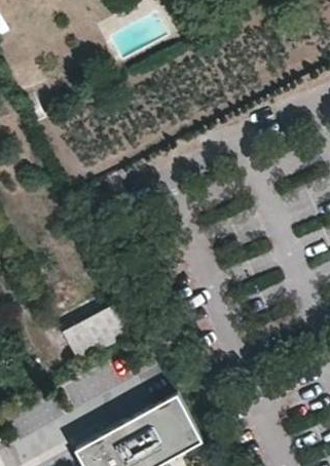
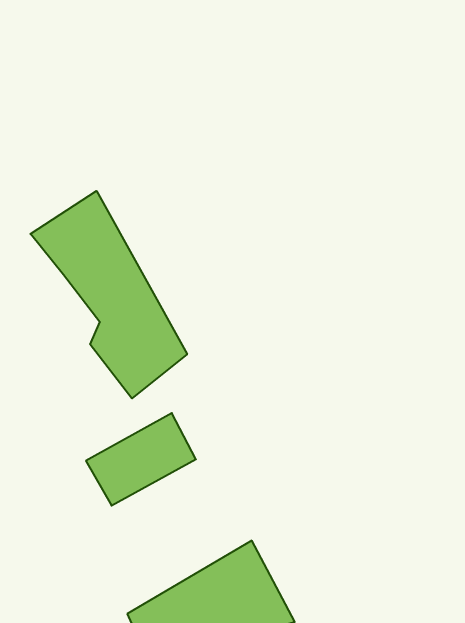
building: none -> [30,191,187,398]

